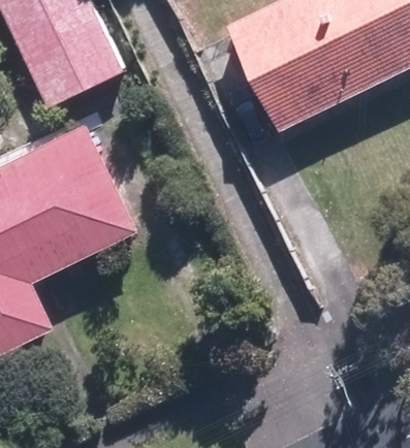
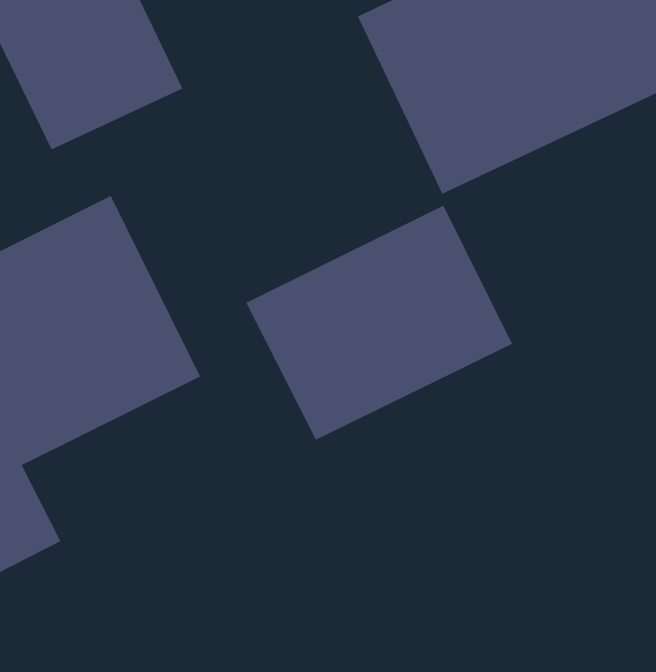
building: none -> [245,204,513,441]

